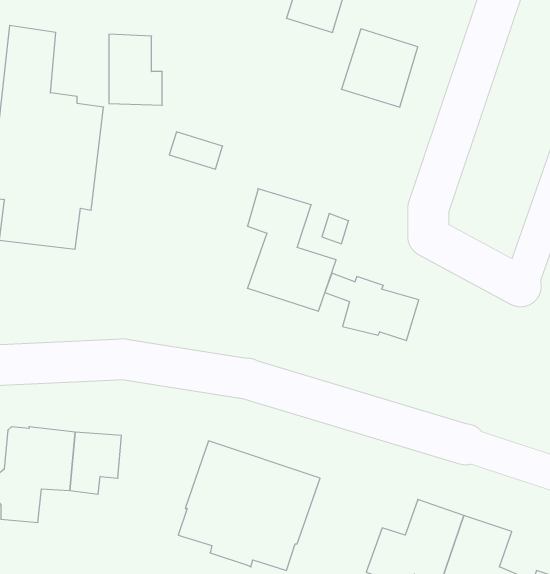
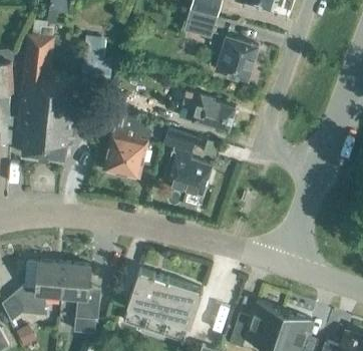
building: none -> [104,112,147,177]
building: [325,273,419,341] -> [183,91,236,129]
building: none -> [75,288,101,332]

